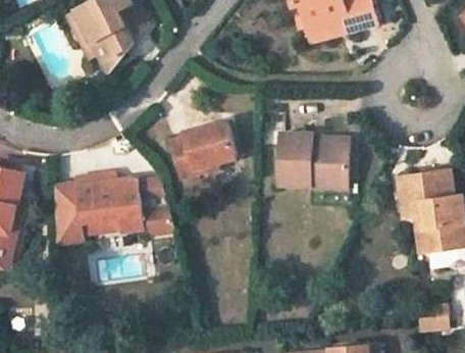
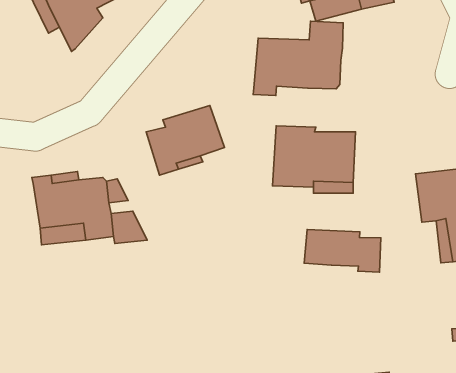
building: none -> [253,21,343,96]
building: [52,184,82,242] -> none
building: none -> [304,230,381,272]

